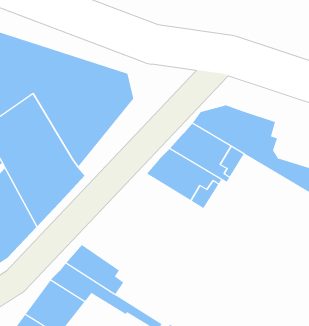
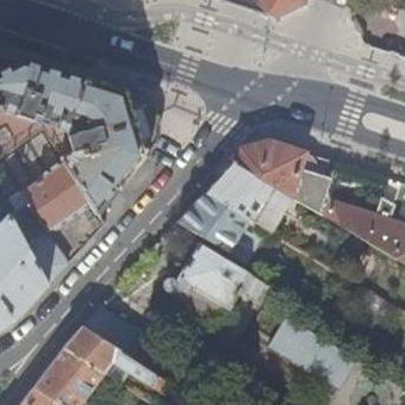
building: none -> [172,242,268,319]
building: none -> [267,316,356,388]

